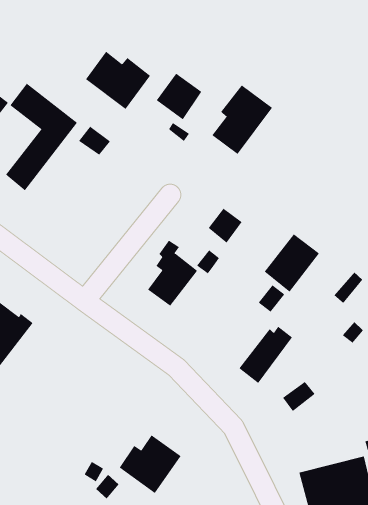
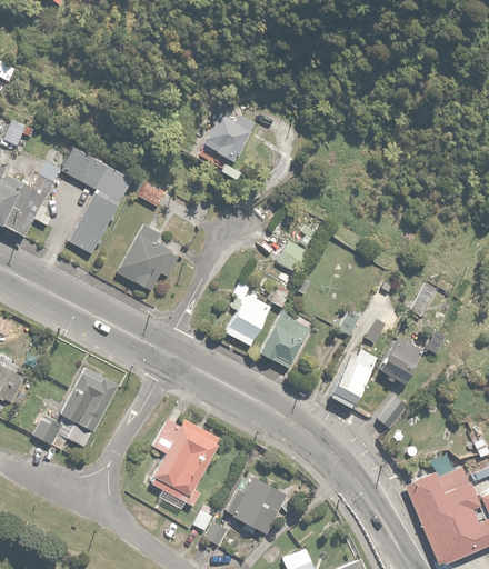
building: [85,51,151,110] -> none
building: [211,84,273,155] -> none
building: none -> [116,223,178,291]
building: [264,233,320,293] -> [260,310,312,369]
building: none -> [380,336,426,383]
building: none -> [147,418,219,506]

